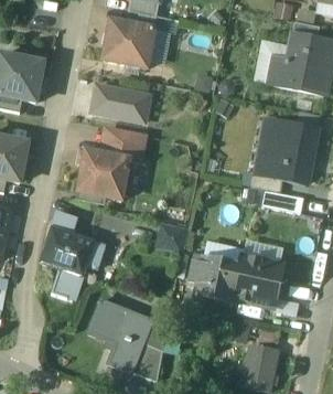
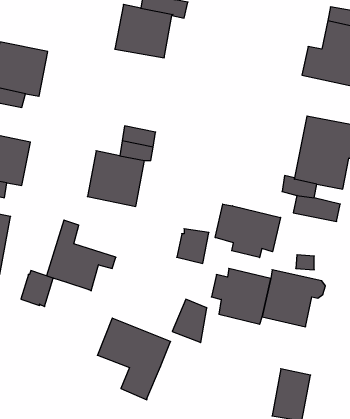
building: [93,85,149,120] -> none
building: none -> [215,204,281,258]
building: [51,266,79,298] -> [21,271,53,307]
building: [131,341,162,380] -> [172,299,207,343]

